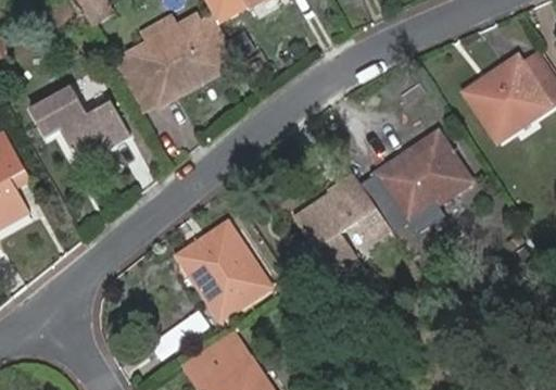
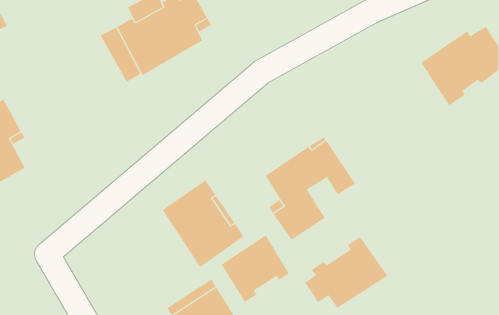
building: [33,89,128,163] -> none
building: [374,130,470,223] -> none
building: none -> [221,235,290,303]
building: none -> [305,236,388,309]

